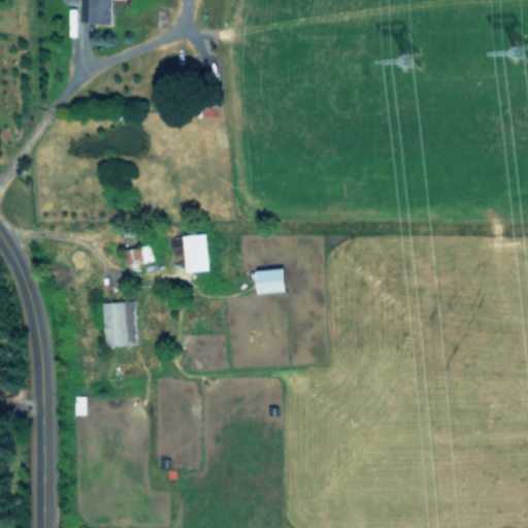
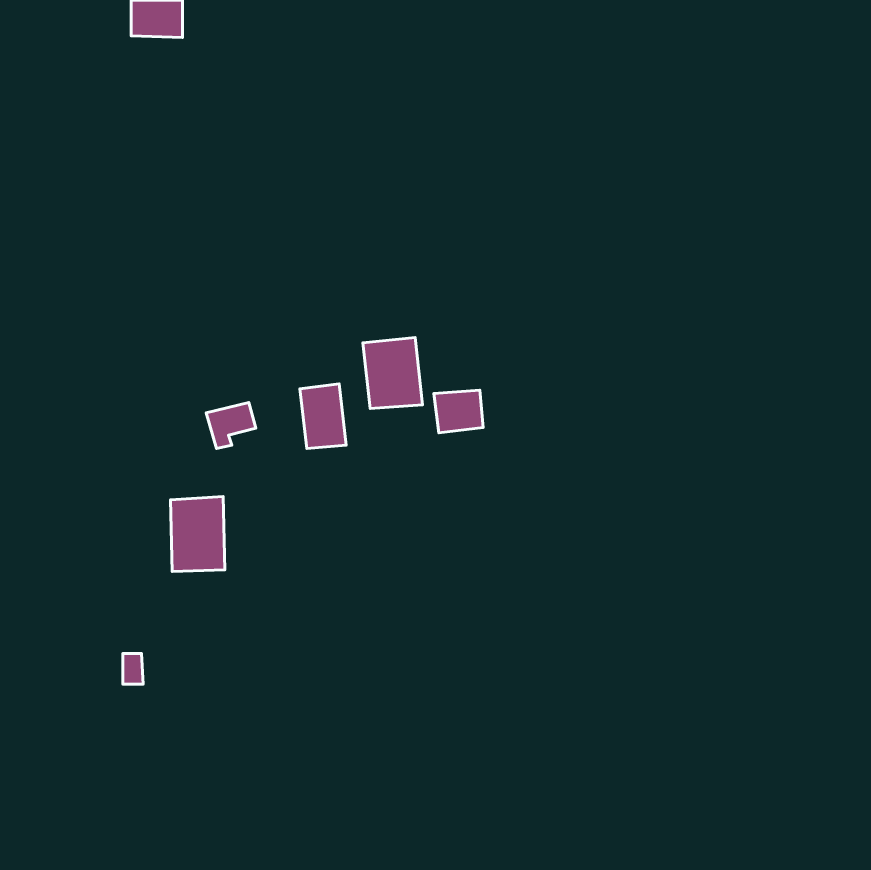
building: none -> [363,338,423,409]
building: [256,268,286,294] -> [434,390,483,433]

